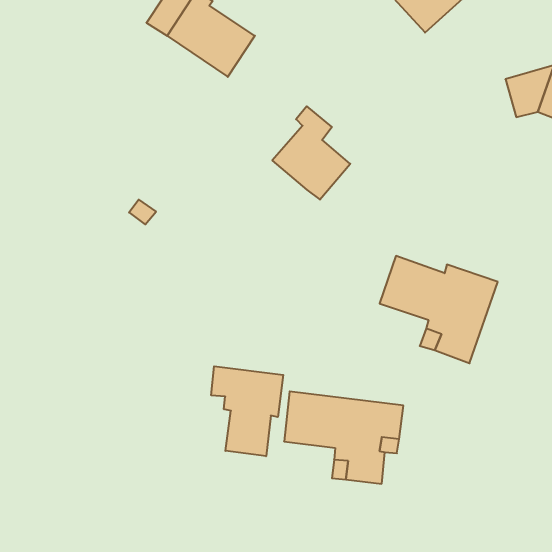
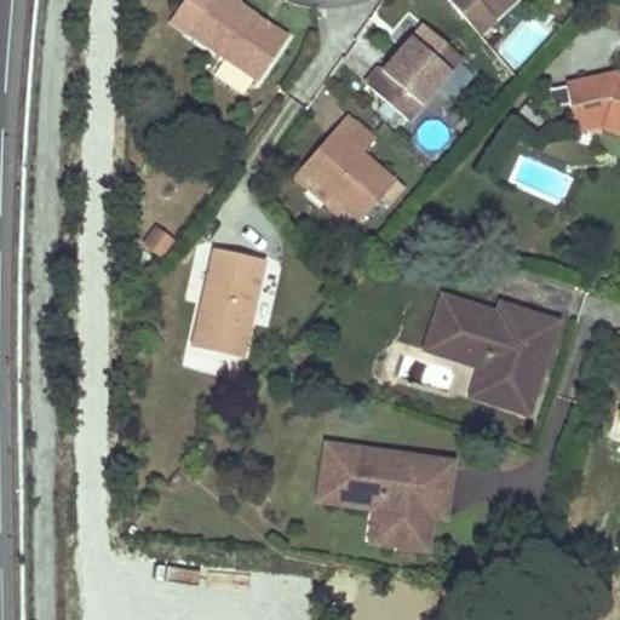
building: none -> [363,25,463,125]
building: none -> [292,133,345,219]
building: none -> [193,247,263,358]
building: [211,366,283,456] -> none

